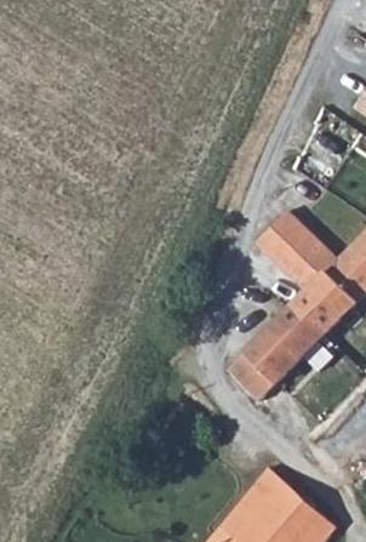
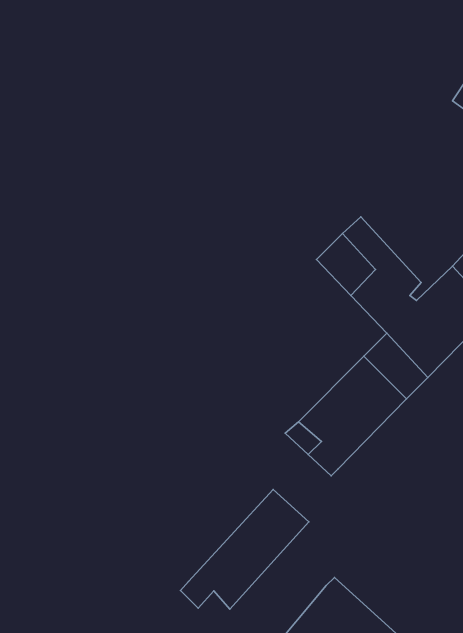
building: none -> [181,490,309,609]

